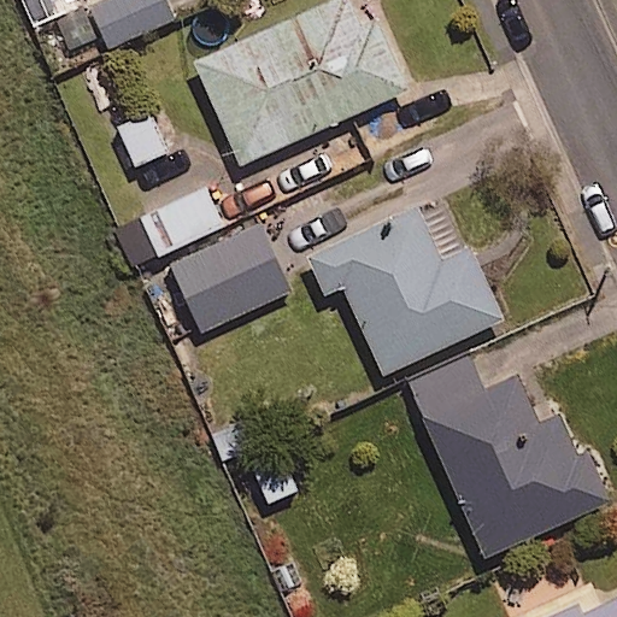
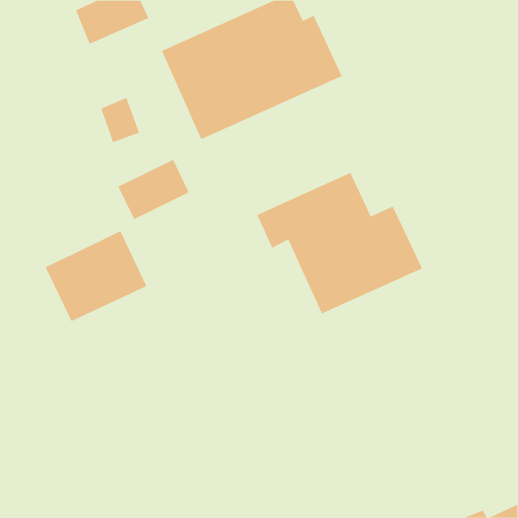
building: [170,228,292,336] -> [45,231,147,322]
building: [407,355,607,556] -> none

